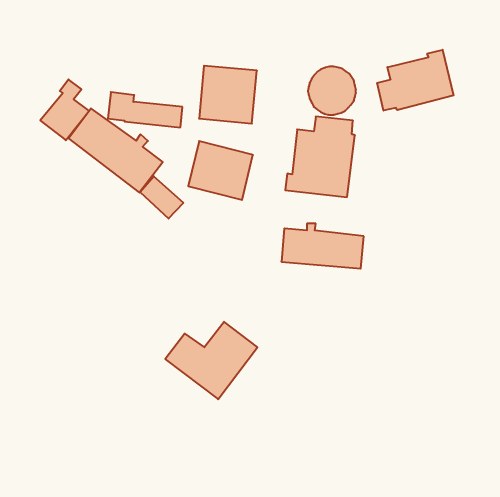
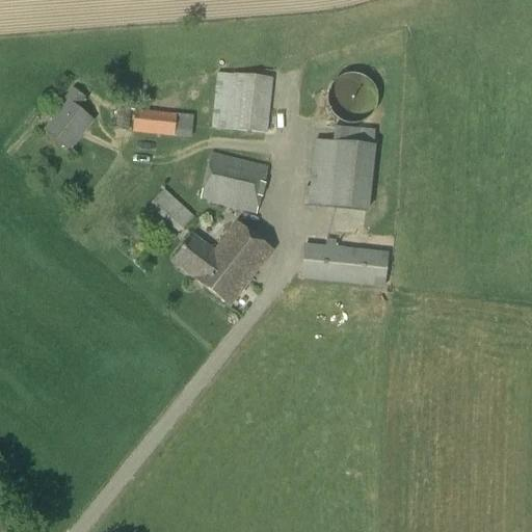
building: [377,50,454,111] -> none
building: [68,108,163,193] -> none
building: [165,322,257,399] -> [176,221,273,303]

